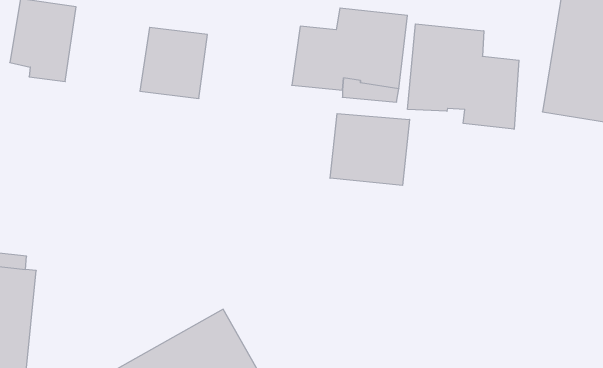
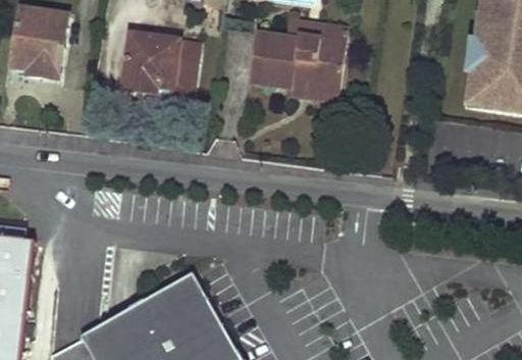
building: [408,24,519,129] -> none
building: none -> [171,41,199,99]
building: [330,114,410,185] -> none

